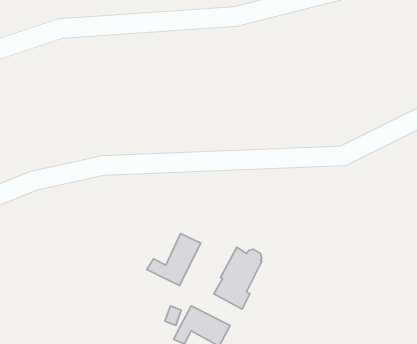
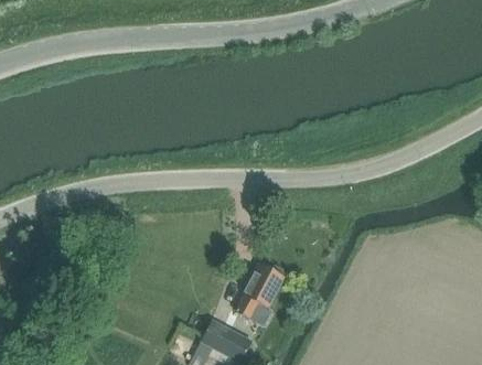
building: [147,234,201,285] -> none

